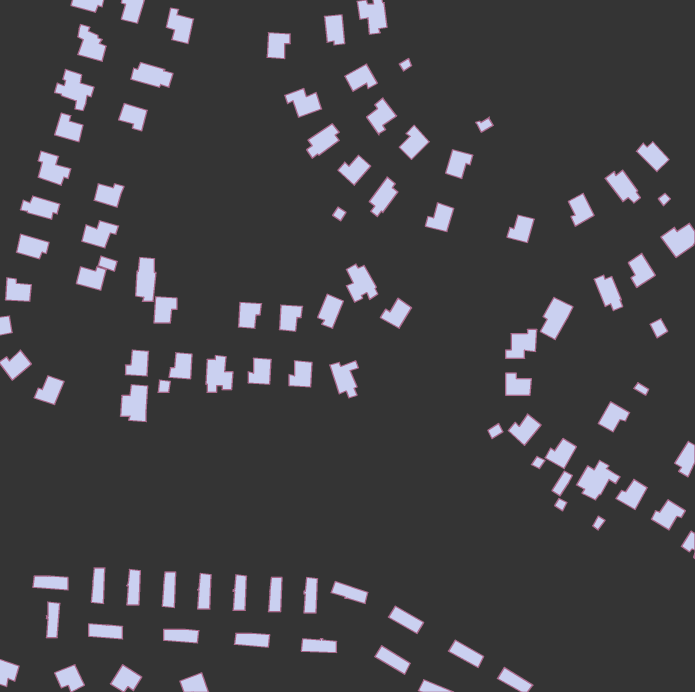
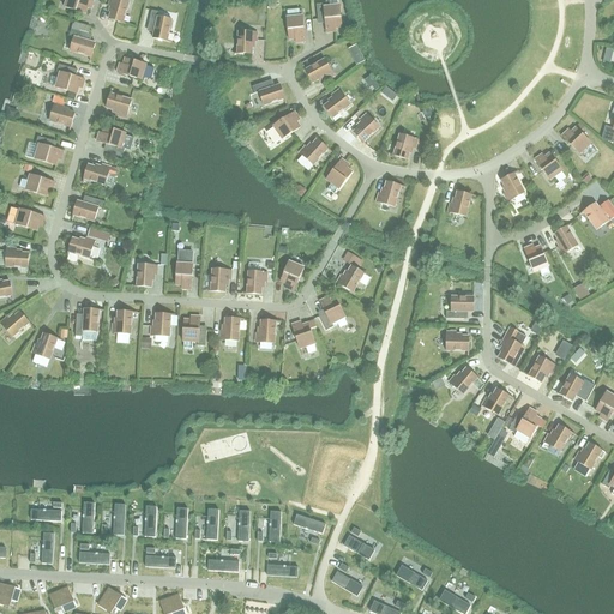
building: none -> [95,125,130,154]
building: [136,258,156,301] -> [174,248,192,287]
building: [346,264,378,302] -> [318,294,345,327]
building: [540,297,573,340] -> [496,325,525,362]
building: [120,385,148,422] -> [73,306,97,338]
building: none -> [558,372,594,398]

